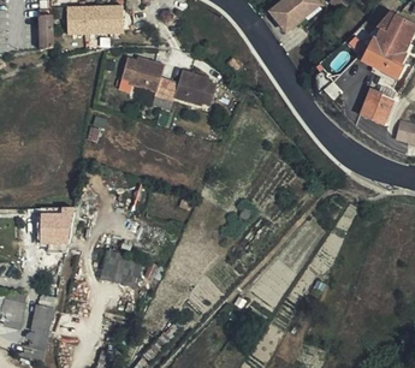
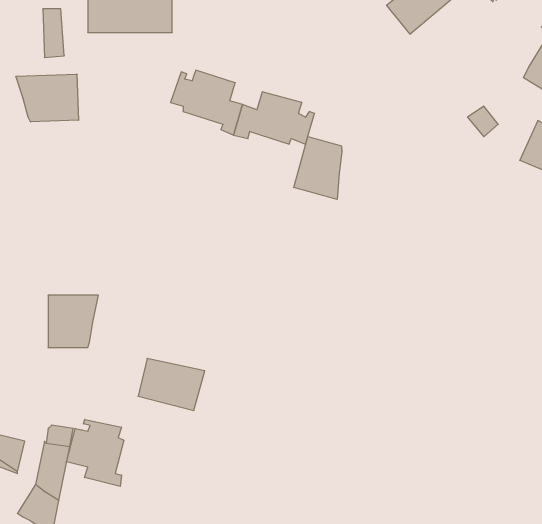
building: none -> [16,74,79,122]
building: none -> [294,137,342,199]
building: none -> [67,419,124,486]

